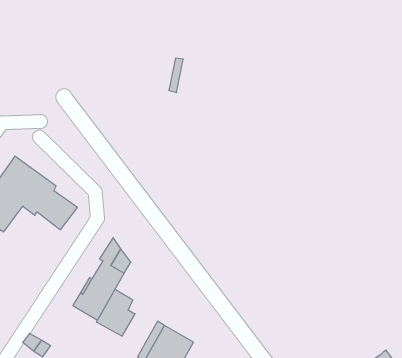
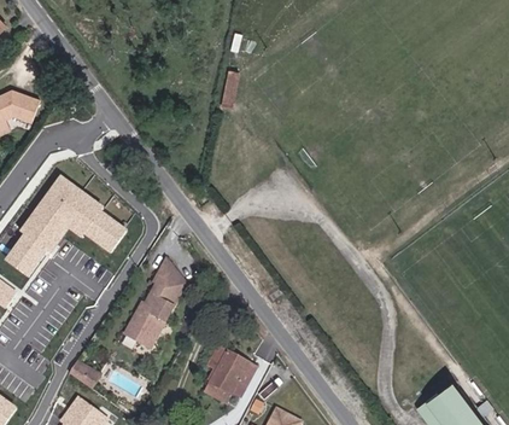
building: [96,289,135,336] -> none

